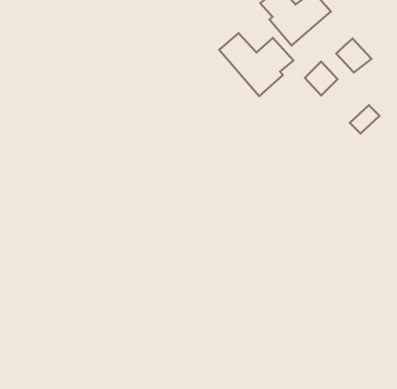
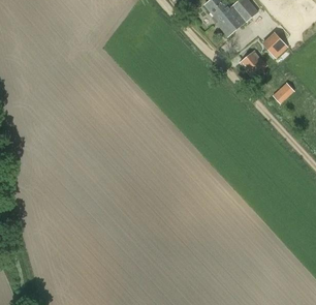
building: [219,33,294,96] -> none

